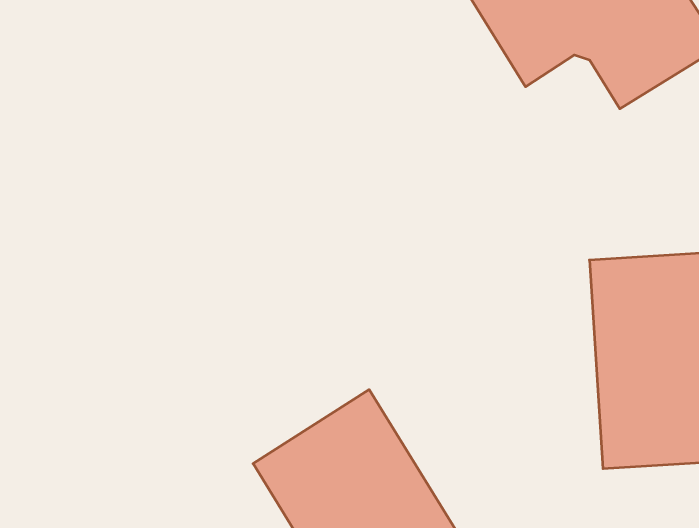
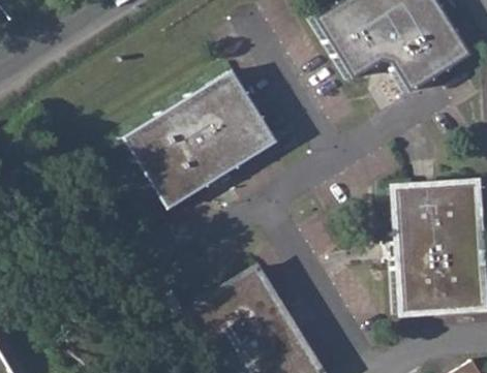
building: none -> [122,68,276,209]

